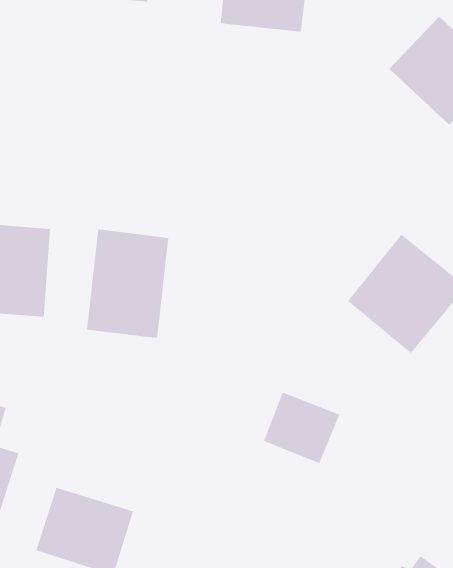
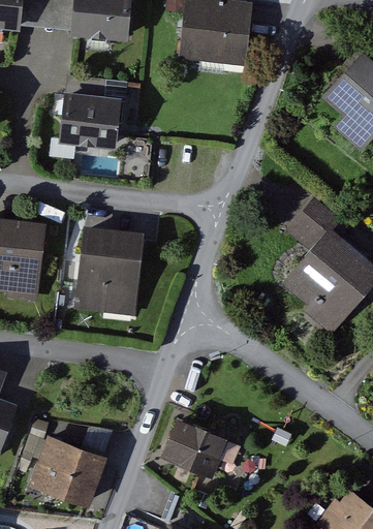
building: none -> [64,93,124,148]
building: none -> [285,201,332,249]
building: [263,392,340,464] -> [166,421,229,479]

